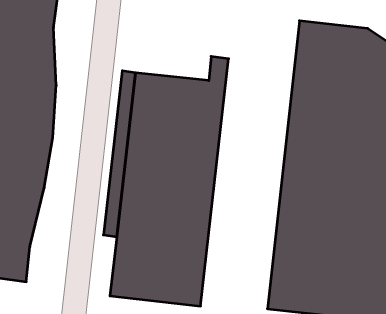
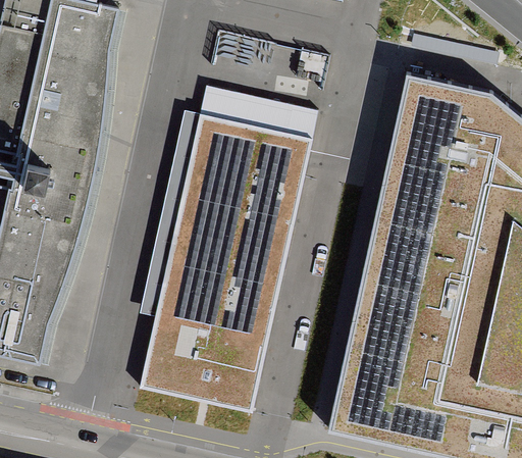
building: none -> [200,87,296,136]

